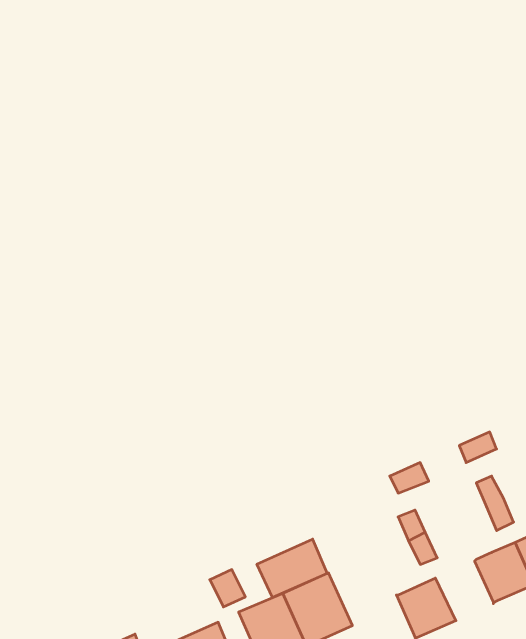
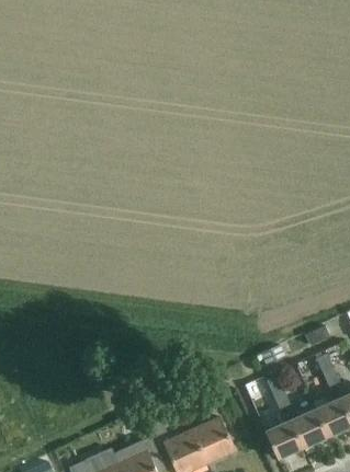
building: [257,539,327,598] -> none
building: none -> [291,408,328,447]

